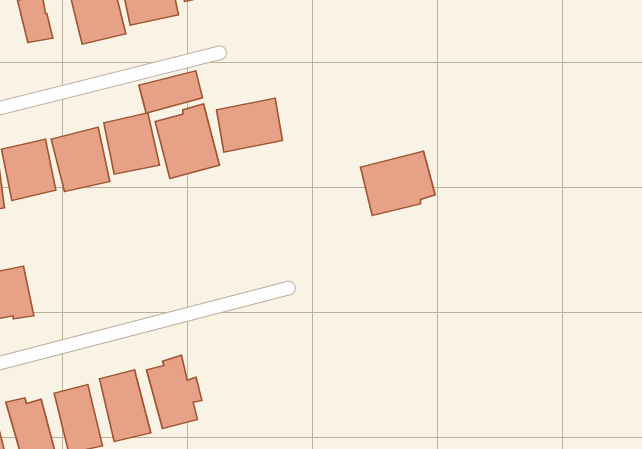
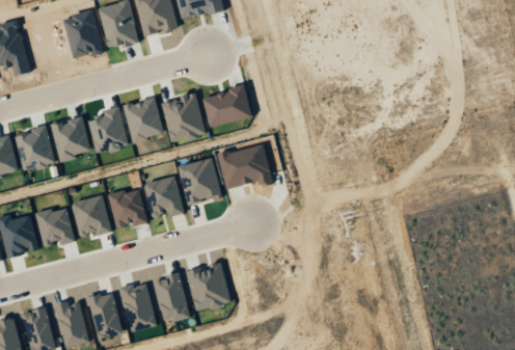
building: [139,71,203,113] -> none
building: [361,151,435,215] -> [218,143,271,189]
building: none -> [179,157,221,204]
building: none -> [143,176,184,216]
building: none -> [108,188,146,227]
building: none -> [71,195,111,237]
building: none -> [187,261,231,311]

